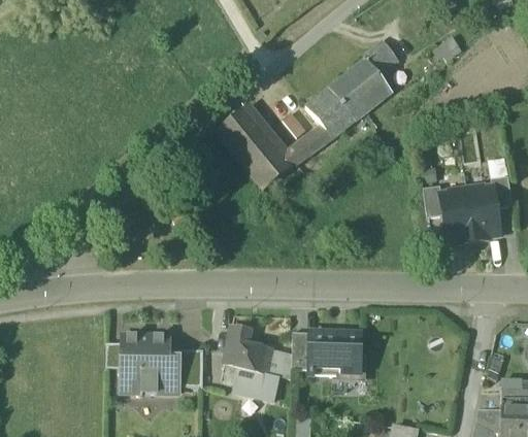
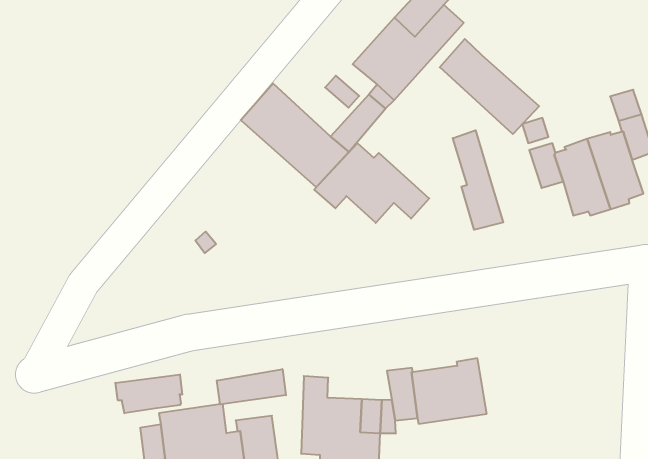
building: none -> [440,39,539,134]
building: none -> [314,143,429,223]
building: none -> [453,130,503,230]
building: none -> [115,374,182,413]
building: none -> [217,369,286,404]

